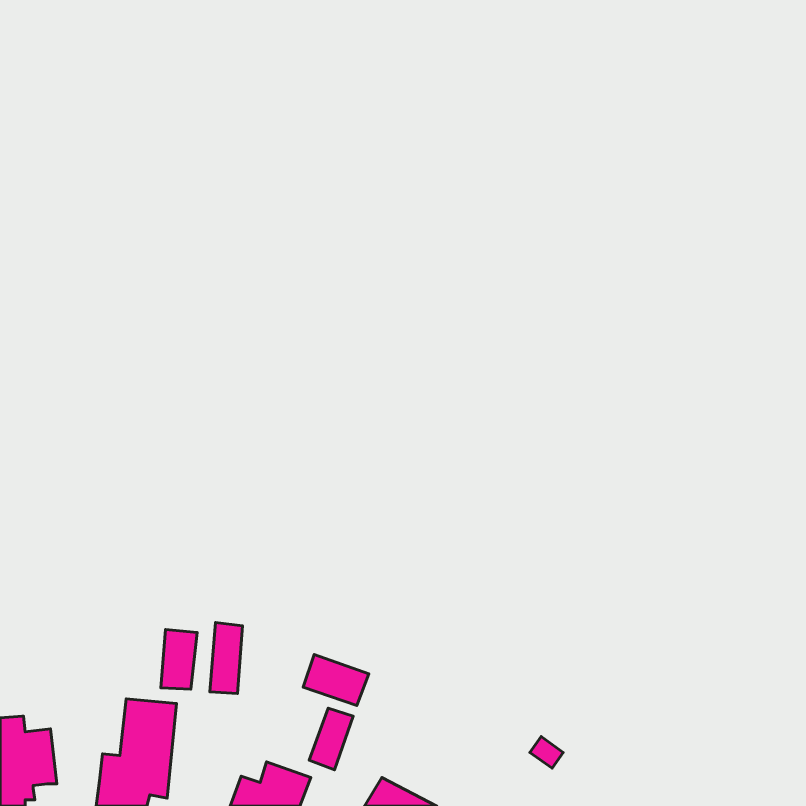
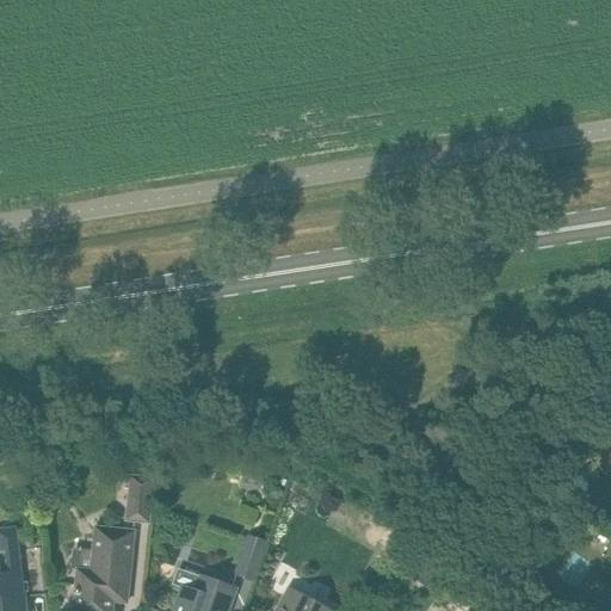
building: [210,622,242,693] -> none
building: [303,654,369,705] -> none

